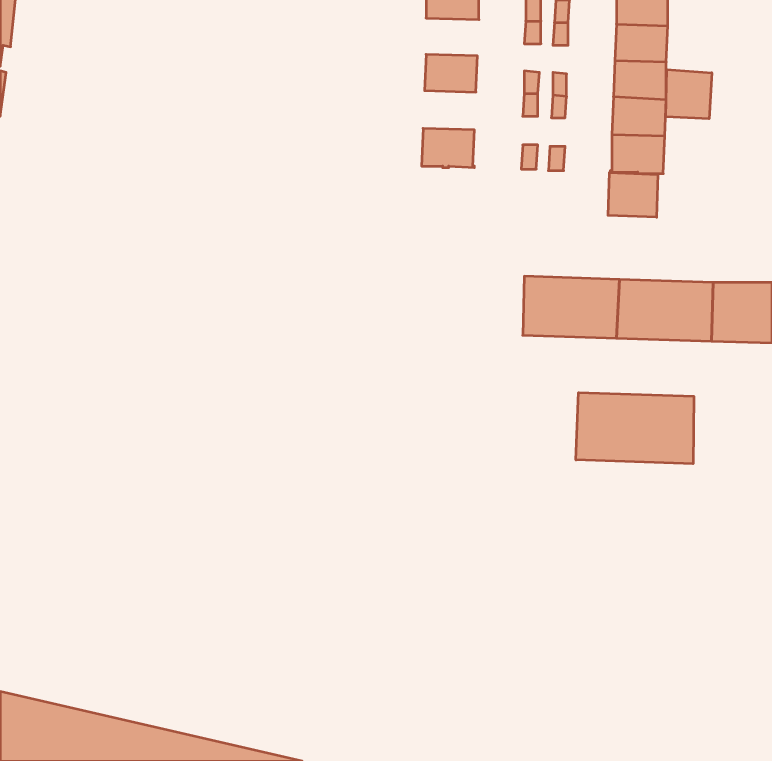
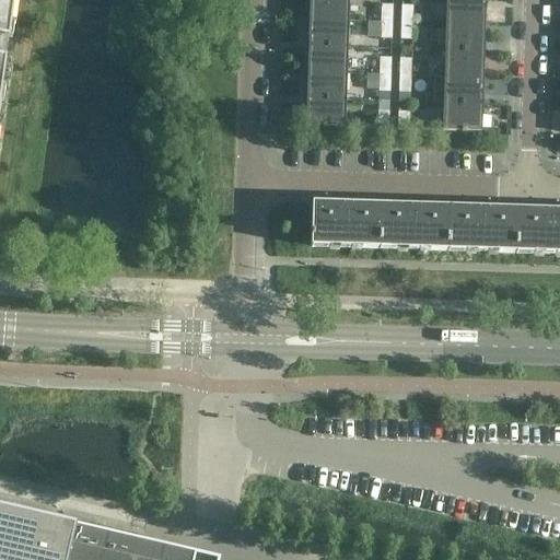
building: none -> [308,13,347,40]
building: [666,70,712,119] -> none
building: none -> [306,66,345,94]
building: [608,173,658,217] -> none
building: none -> [310,198,380,243]
building: [576,393,694,464] -> none

